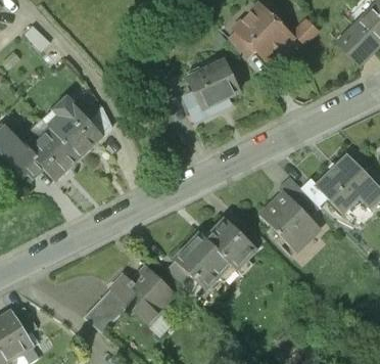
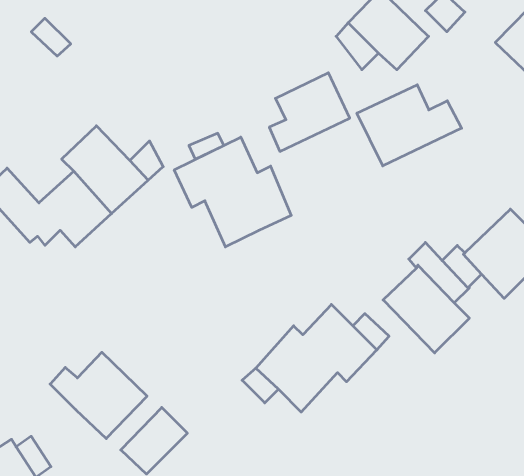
building: none -> [357,85,462,166]
building: none -> [174,137,291,247]
building: [111,266,177,324] -> [50,352,147,439]

